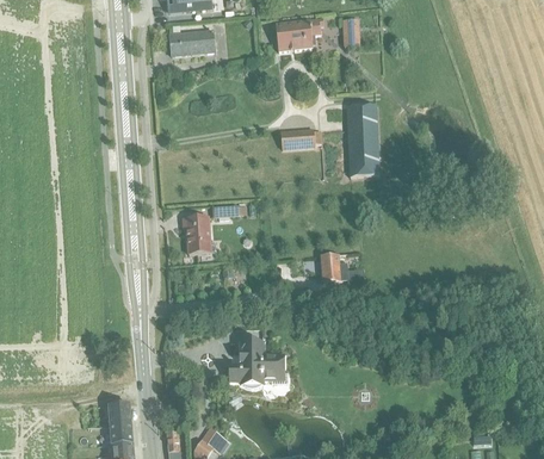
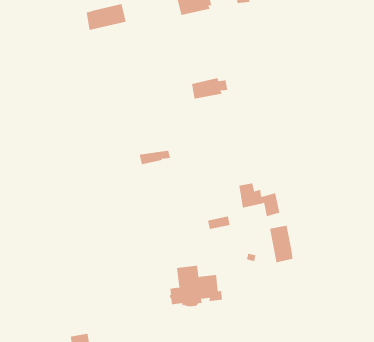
building: [346,104,379,175] -> none
building: [181,216,216,254] -> none
building: none -> [269,225,293,263]

